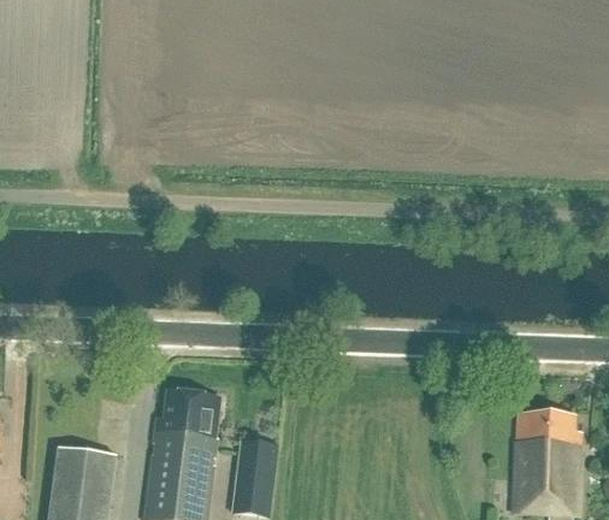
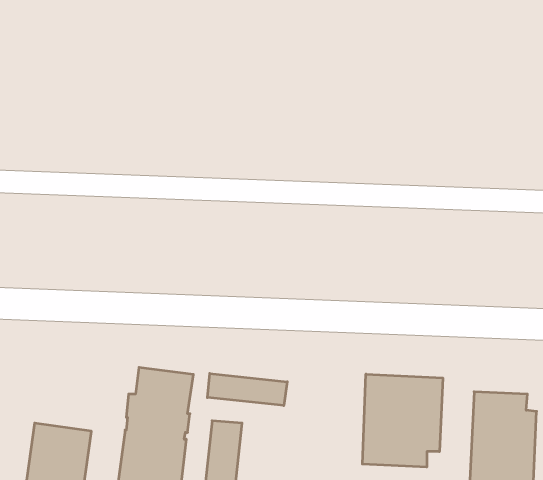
building: none -> [207,373,287,406]
building: none -> [362,374,443,467]

